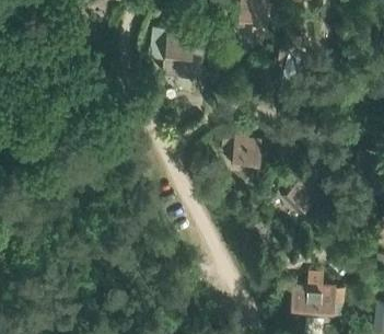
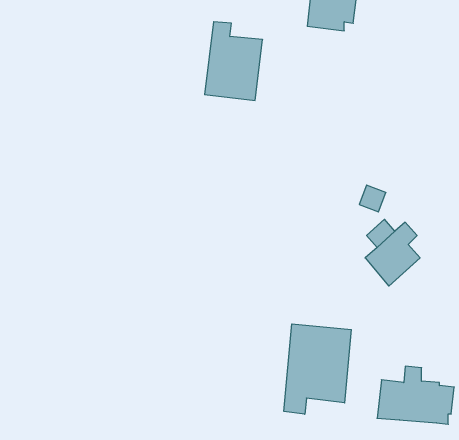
building: [231,128,261,171] -> none
building: none -> [284,324,351,414]

